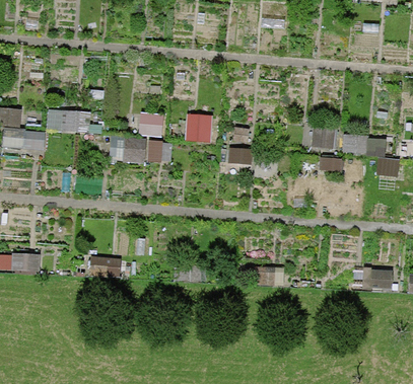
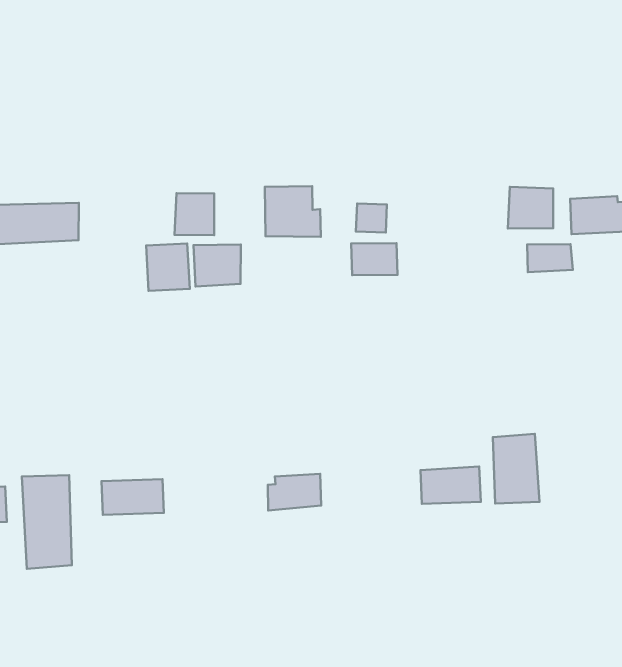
building: none -> [22,475,72,569]
building: none -> [493,434,539,504]

